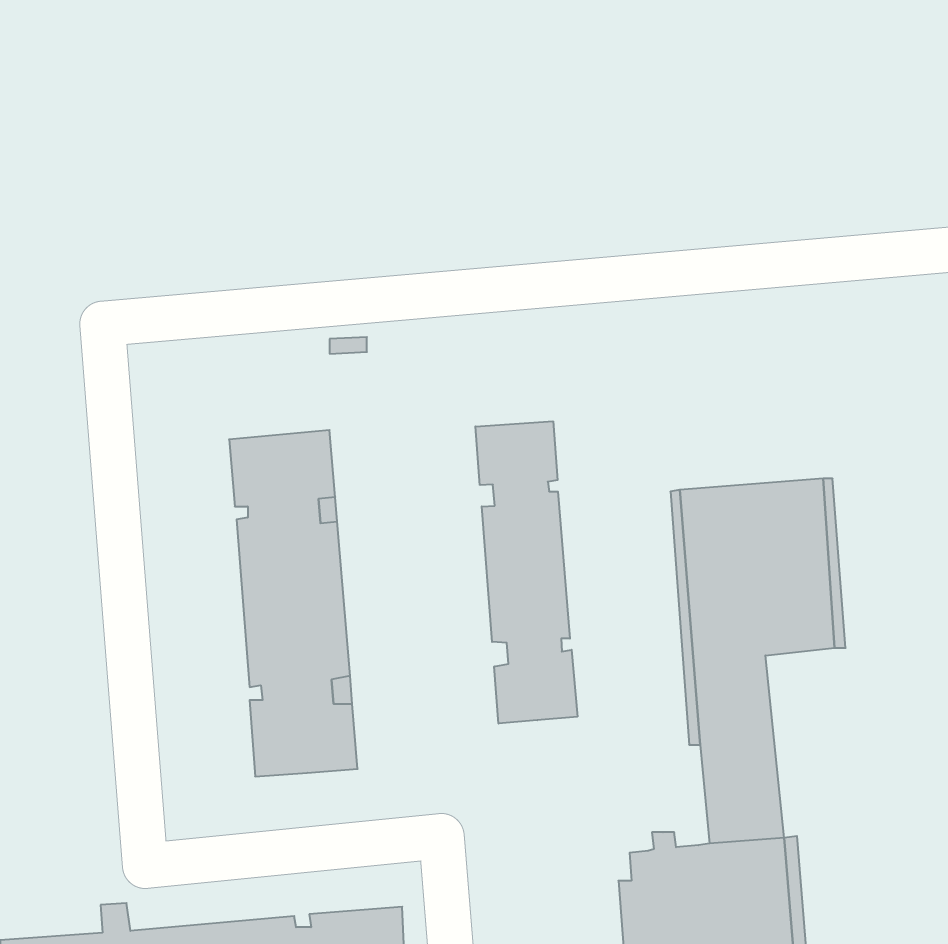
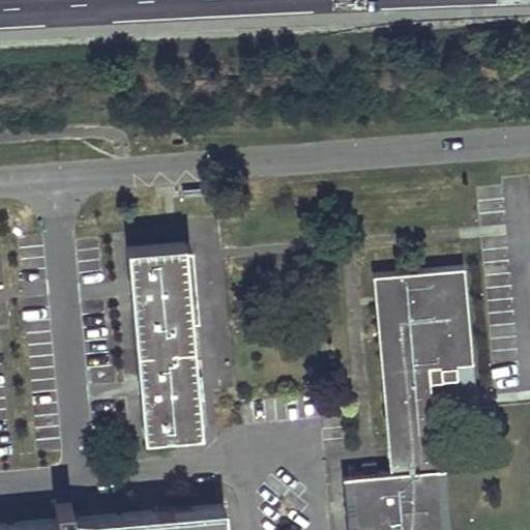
building: [475,421,577,724] -> none

